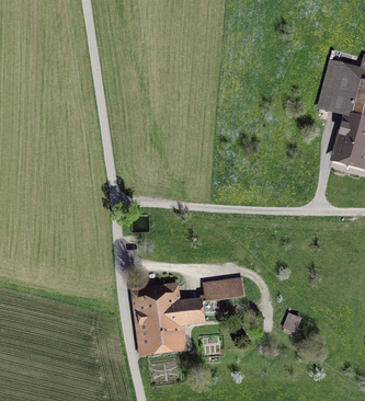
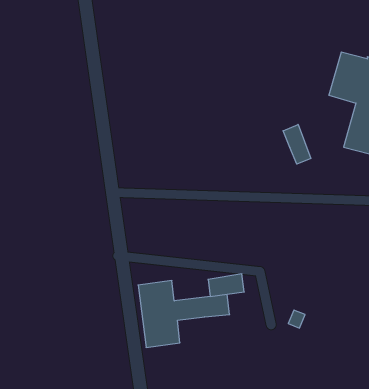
building: none -> [283,124,311,164]

